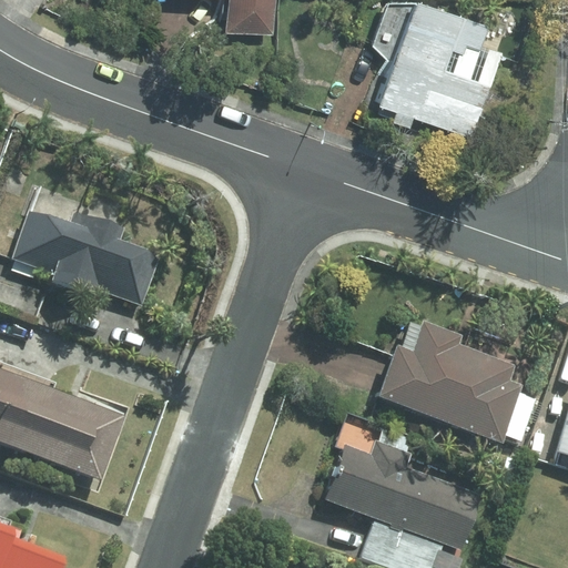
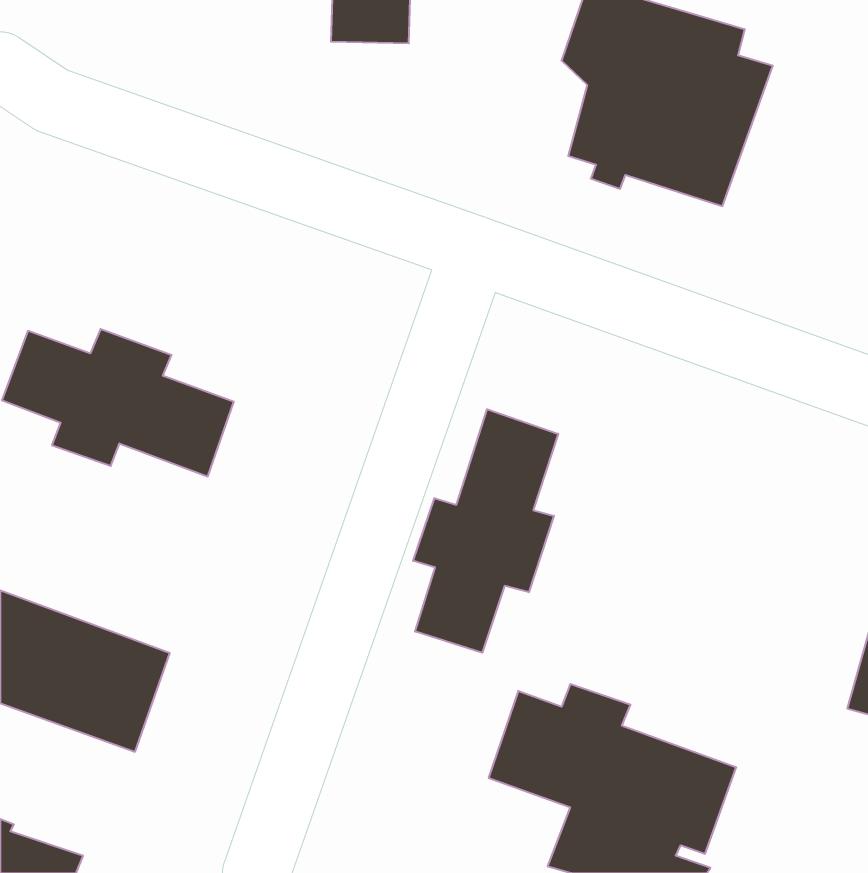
building: none -> [413,409,558,653]
building: [373,322,539,443] -> none

